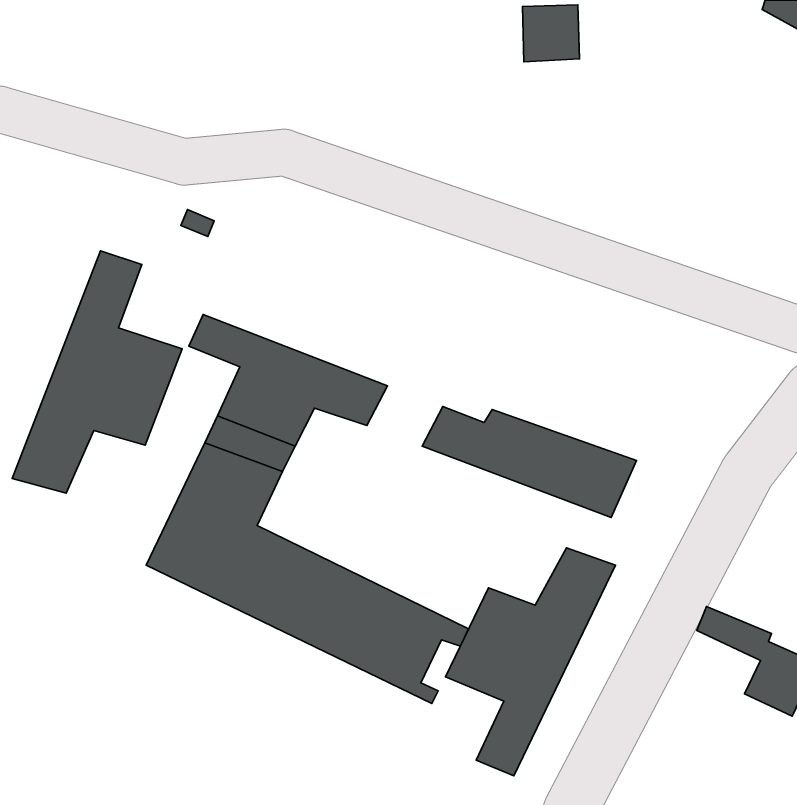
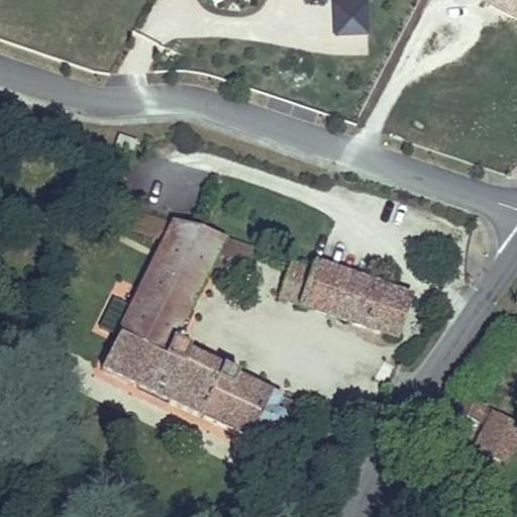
building: [12,251,182,493] -> none
building: [446,548,616,776] -> none

